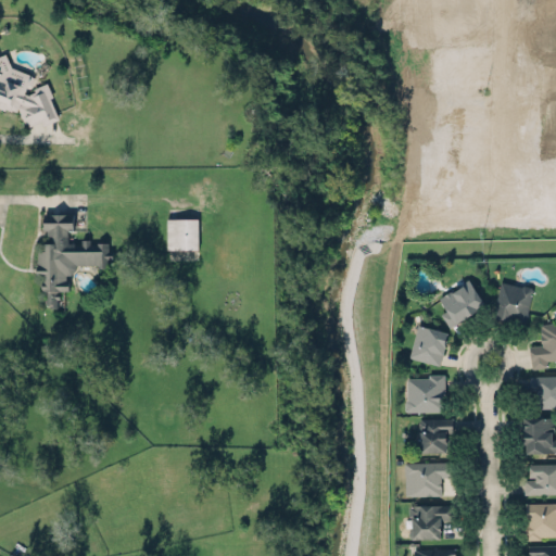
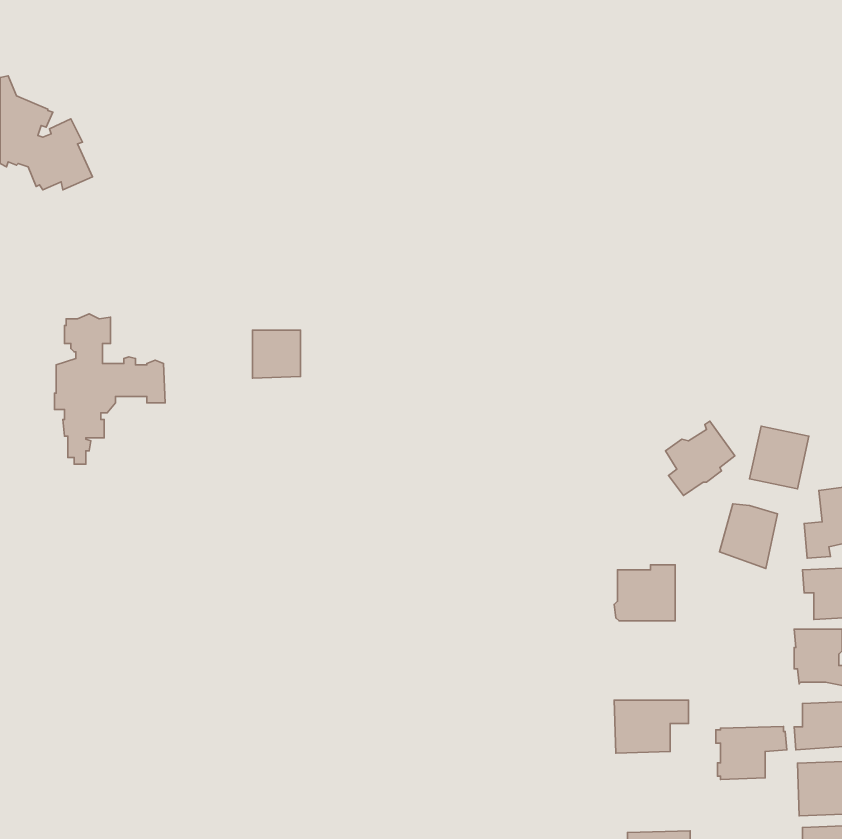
building: [409,325,447,367] -> [720,504,777,568]
building: [419,420,454,454] -> none
building: [409,506,456,541] -> [716,727,787,779]

